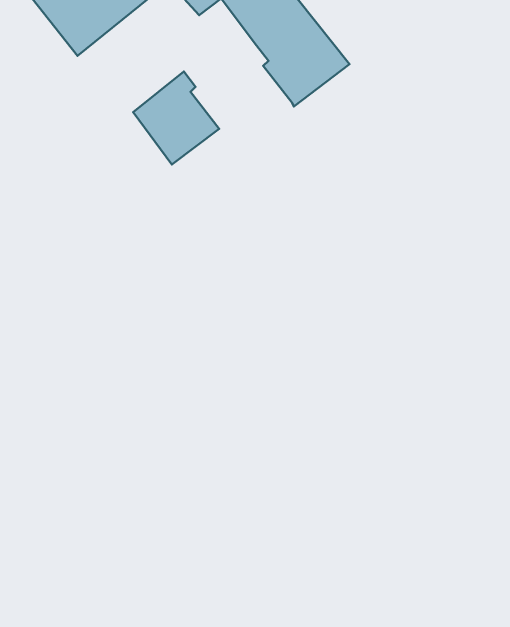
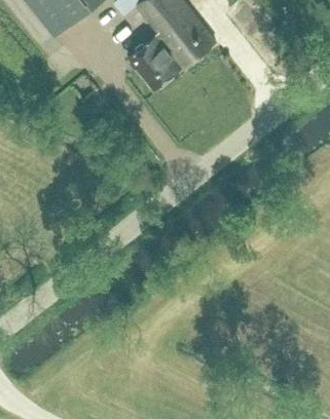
building: [133,72,219,164] -> [131,30,183,86]

